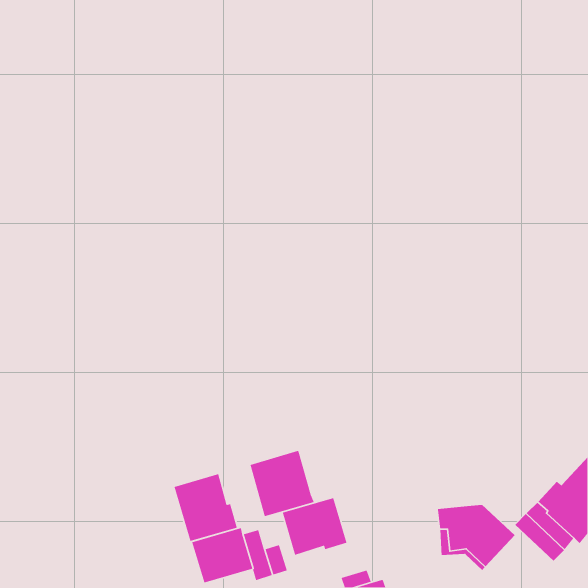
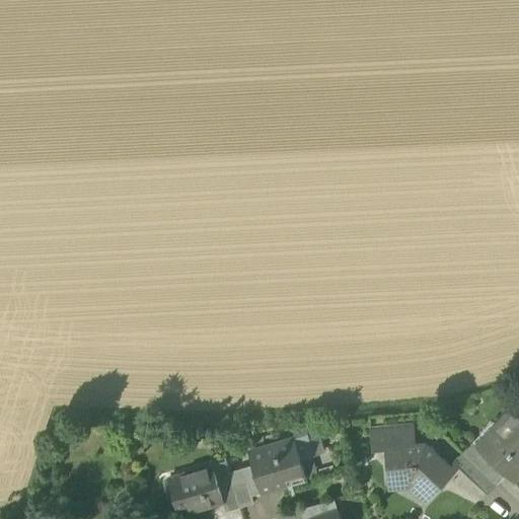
building: [249,450,315,517] -> none
building: [173,473,238,542] -> none
building: none -> [370,425,415,450]

